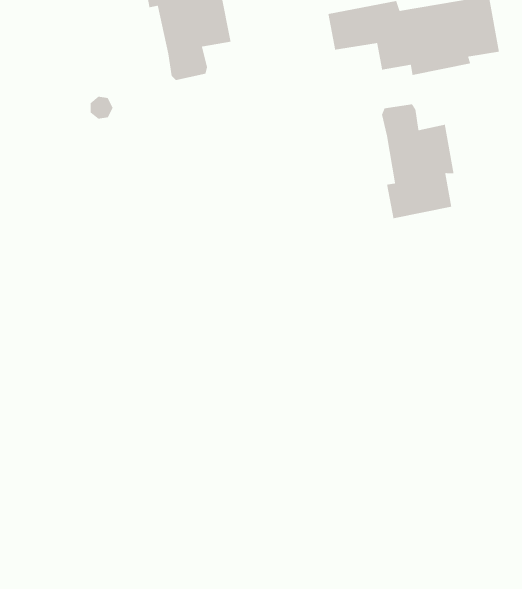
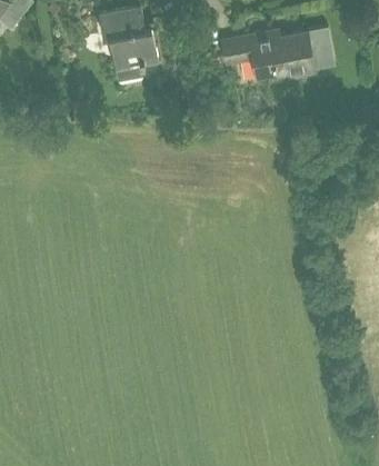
building: [381,103,455,219] -> none

